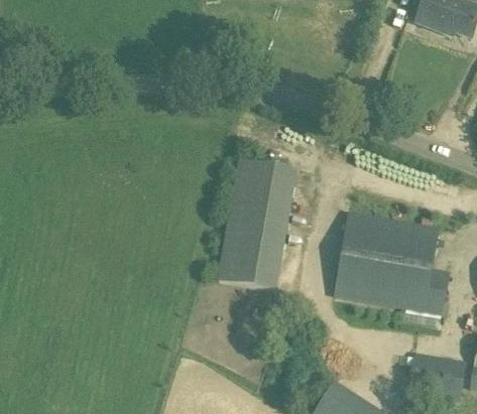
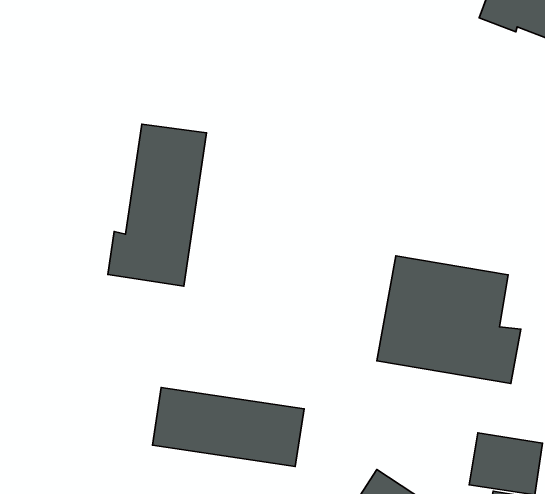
building: [213,157,291,286] -> [108,124,207,286]
building: none -> [152,387,304,467]

